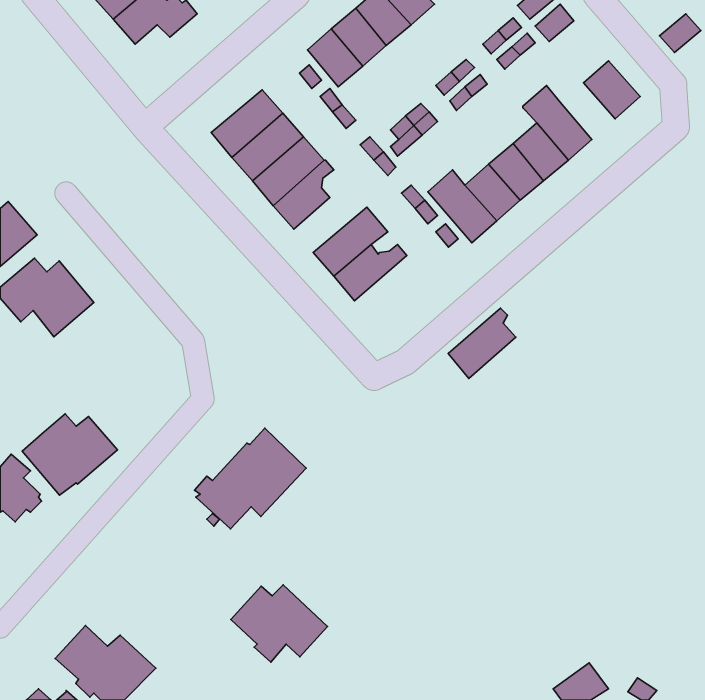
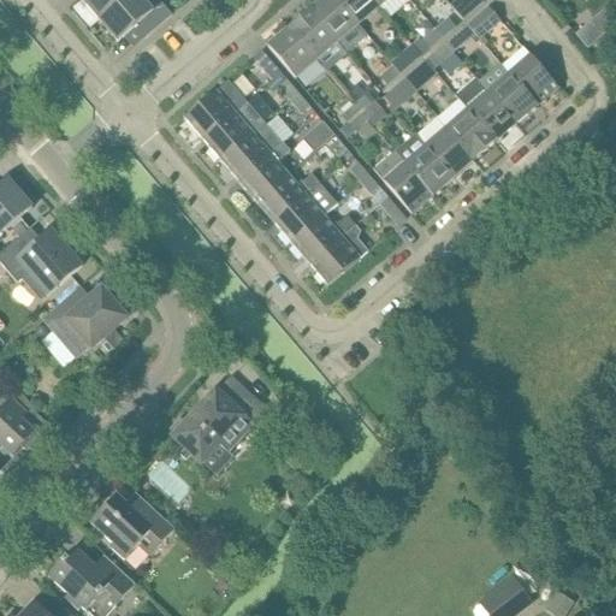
building: none -> [488,72,537,122]
building: none -> [256,171,320,220]
building: [448,308,516,379] -> [309,223,368,284]
building: [22,414,117,495] -> [43,284,126,355]
building: [231,585,327,662] -> [90,491,174,558]

